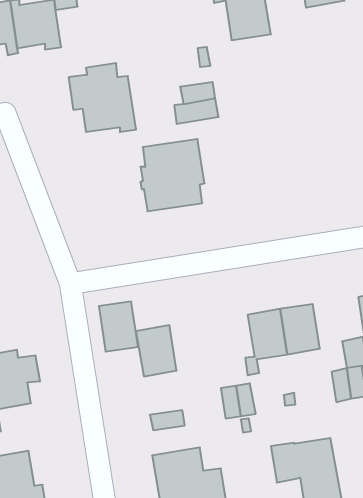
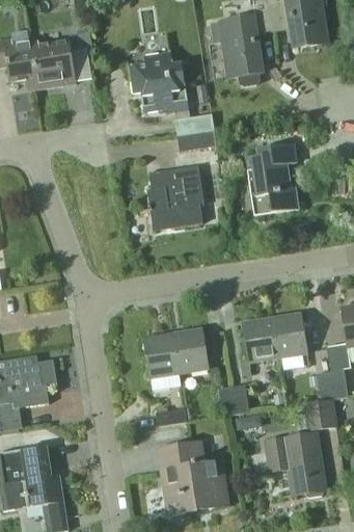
building: [69,63,136,132] -> [128,51,188,112]
building: none -> [245,144,298,214]
building: [99,302,138,352] -> [172,327,208,372]
building: none -> [303,399,337,431]

